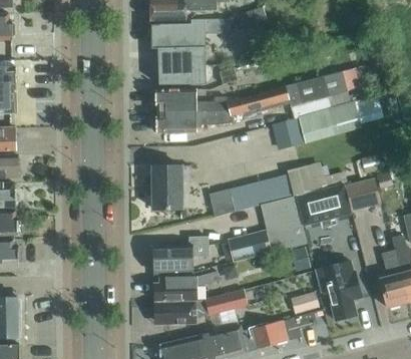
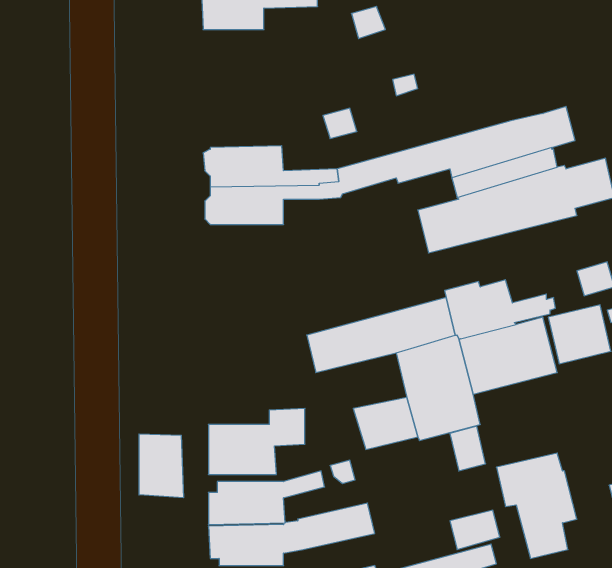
building: [151,19,231,84] -> none
building: [152,165,181,209] -> none
building: none -> [139,434,184,498]

